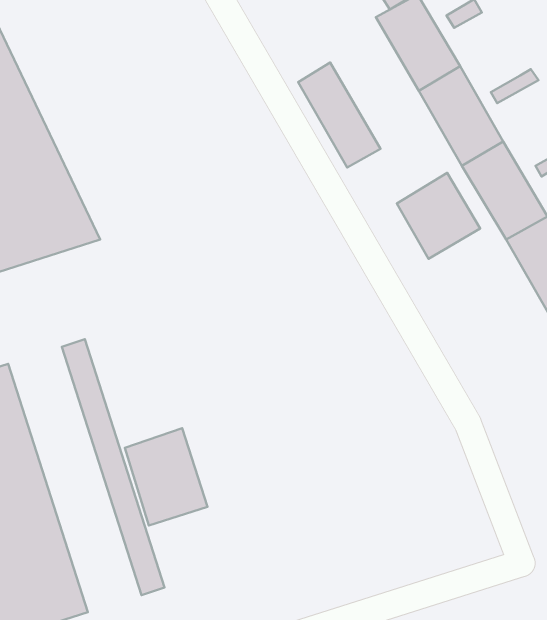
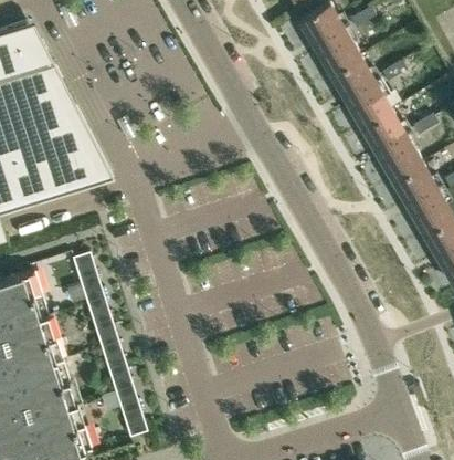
building: [298,63,381,167] -> none
building: [397,173,480,259] -> none
building: [125,428,207,526] -> none

